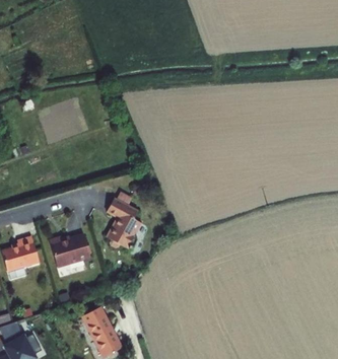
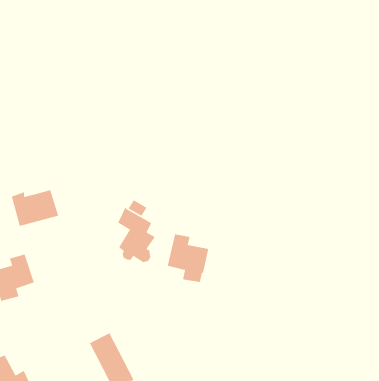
building: none -> [167,233,209,283]
building: [47,235,88,268] -> [11,189,59,227]

